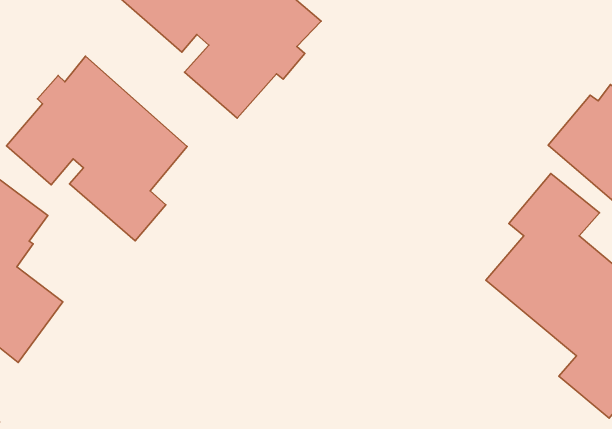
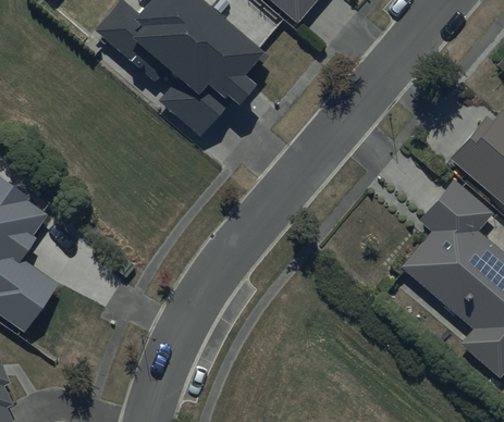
building: [6,56,187,241] -> none

